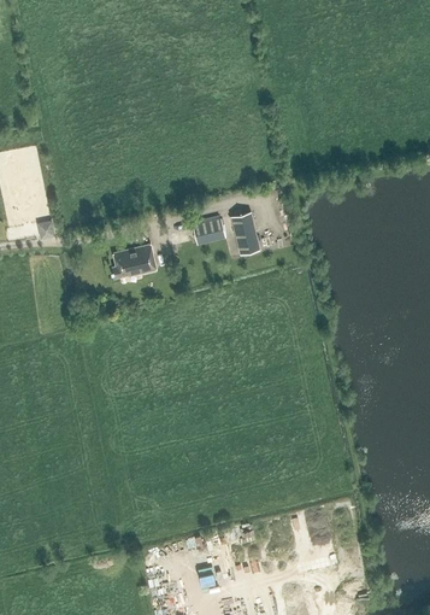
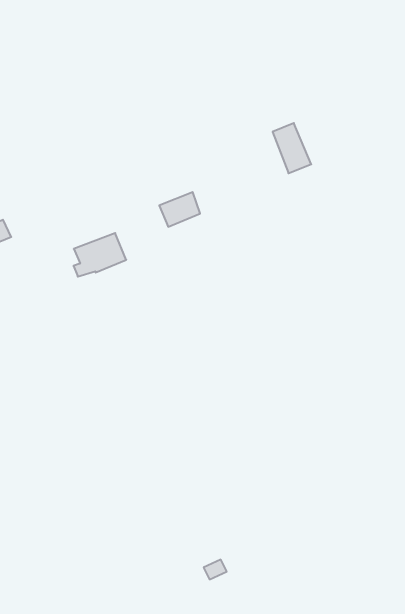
building: [230,211,259,253] -> [273,123,311,173]

